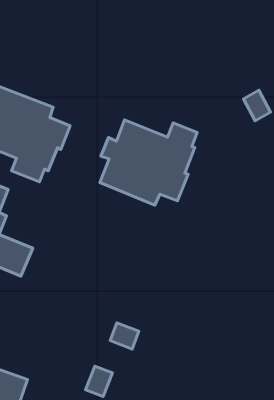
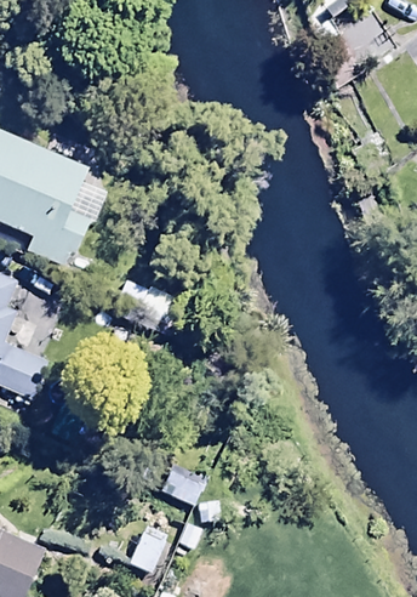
building: [100,120,197,205] -> none

